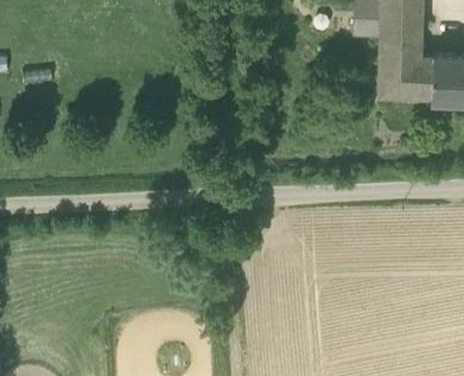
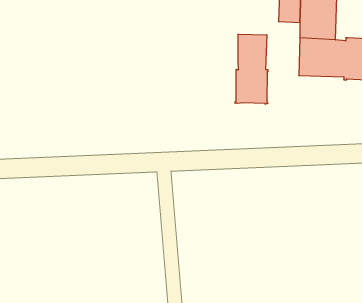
building: none -> [235,34,268,104]

